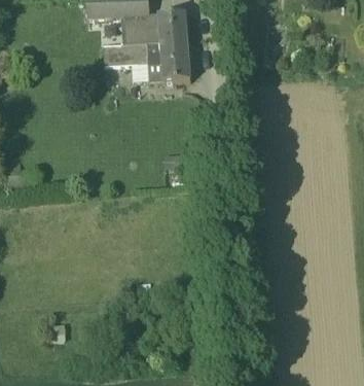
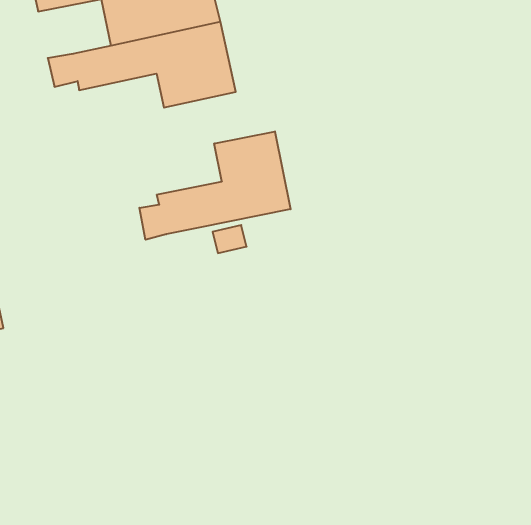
building: none -> [139,131,291,240]

